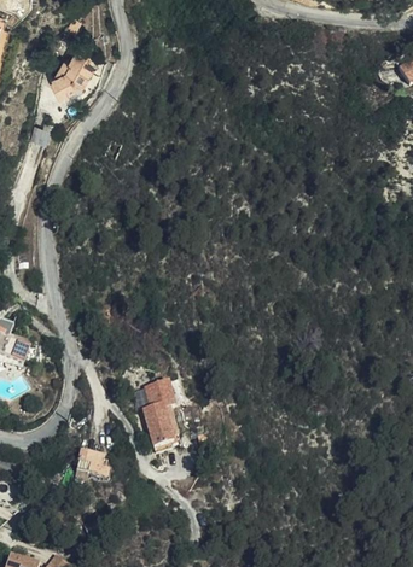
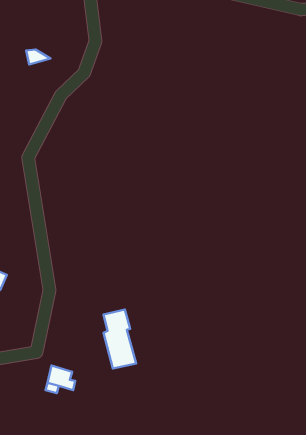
building: [63,46,97,84] -> none

